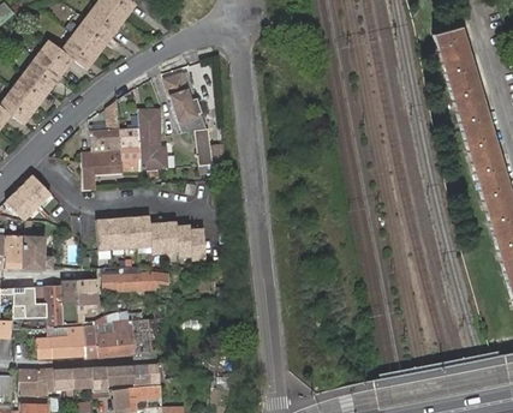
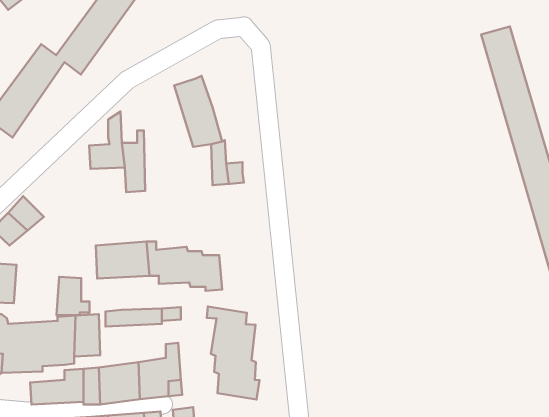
building: [138,110,169,170] -> none
building: [80,150,123,188] -> none
building: [24,235,53,269] -> [57,277,89,315]
building: none -> [207,307,259,399]

